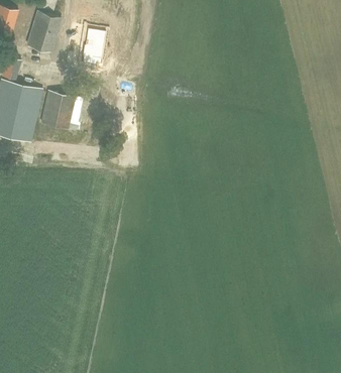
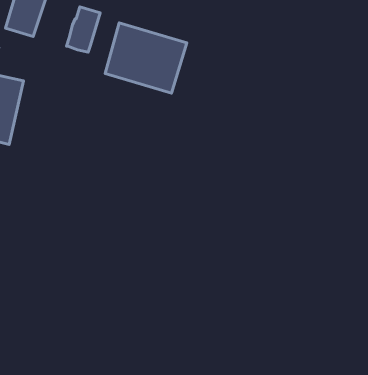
building: none -> [105,23,187,93]
building: [40,90,76,130] -> none

